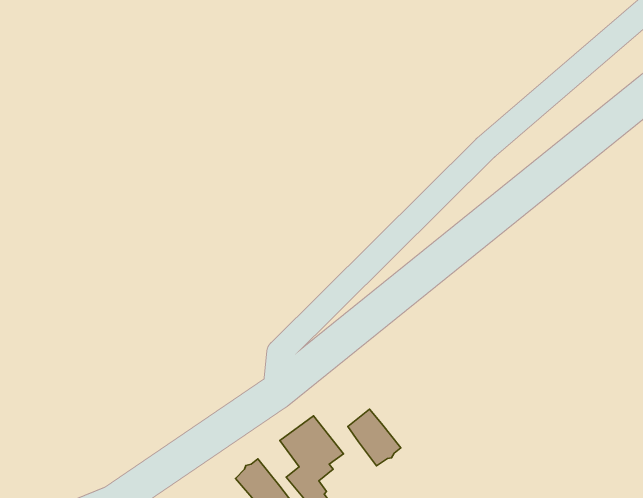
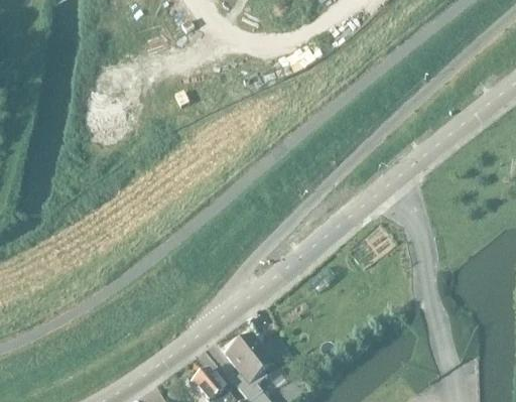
building: [348,409,401,466] -> none

